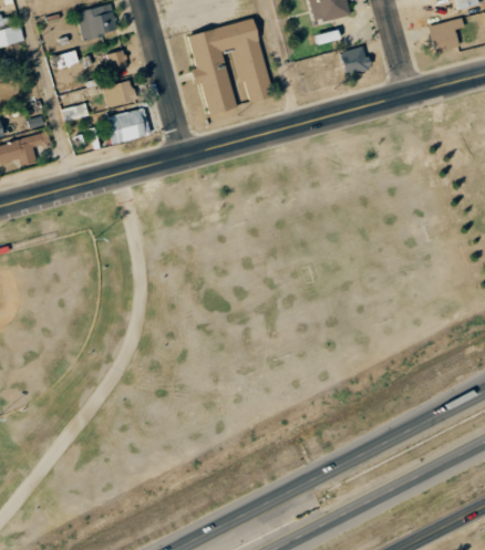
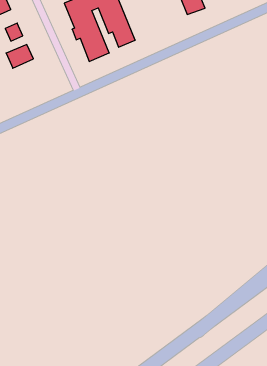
building: [106,108,151,143] -> none

